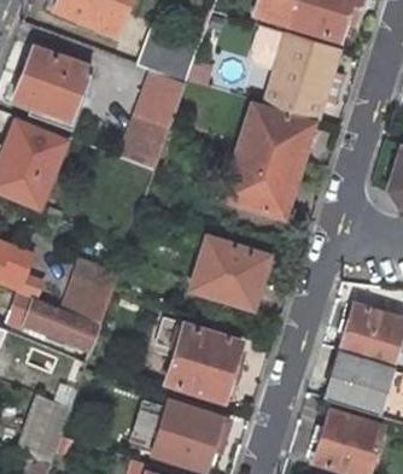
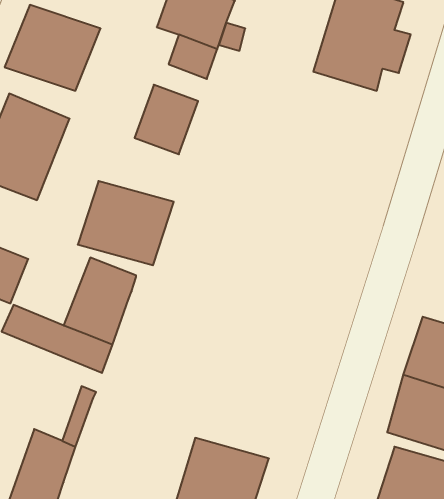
building: [222,104,309,215] -> none
building: [189,238,268,306] -> [78,181,174,265]
building: [165,324,241,398] -> none

